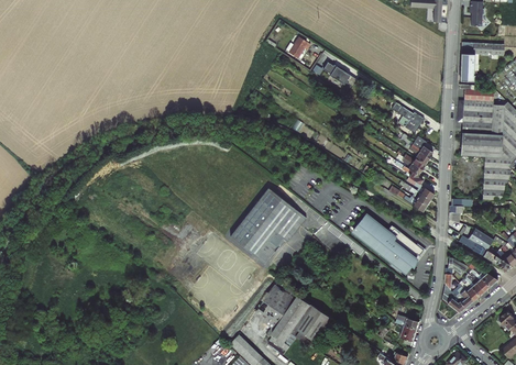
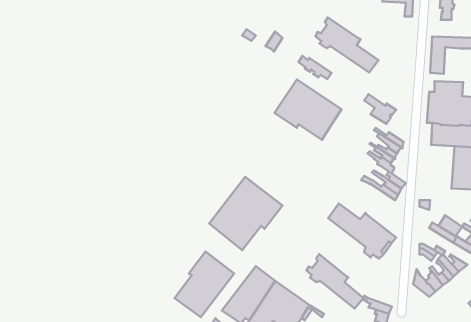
building: none -> [315,17,379,72]
building: none -> [275,80,341,140]
building: none -> [175,252,234,317]
building: none -> [307,254,364,308]

